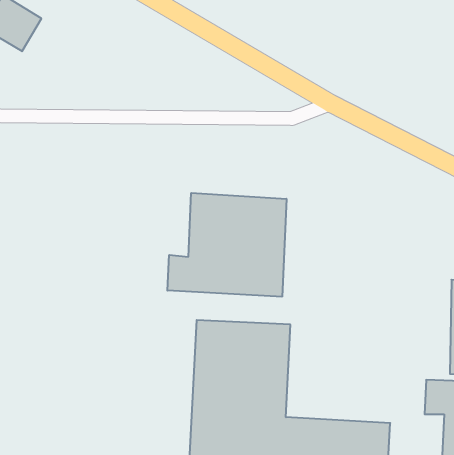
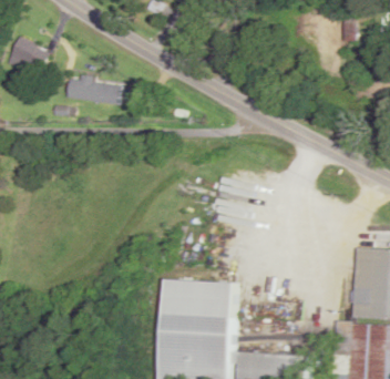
building: none -> [63,78,119,104]
building: [167,193,286,297] -> none

